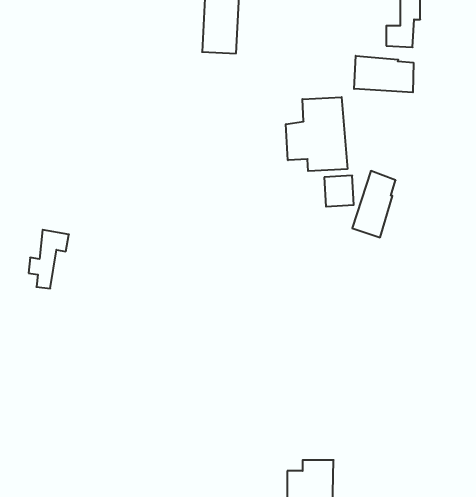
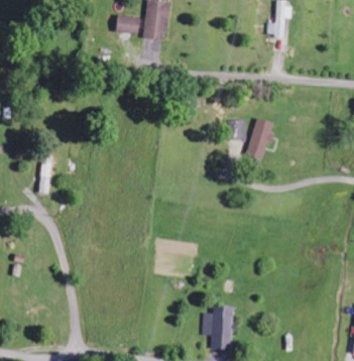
building: none -> [118,16,142,35]
building: [354,56,413,92] -> none
building: [286,97,347,171] -> none

